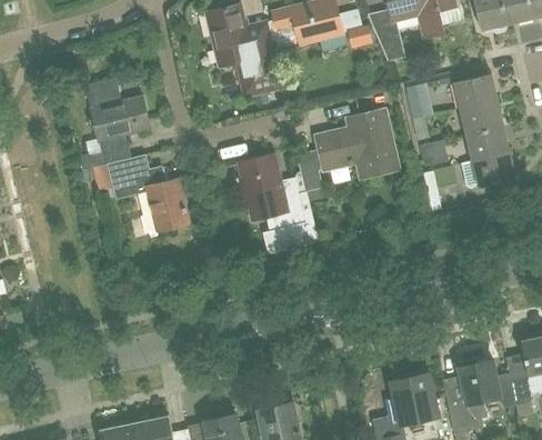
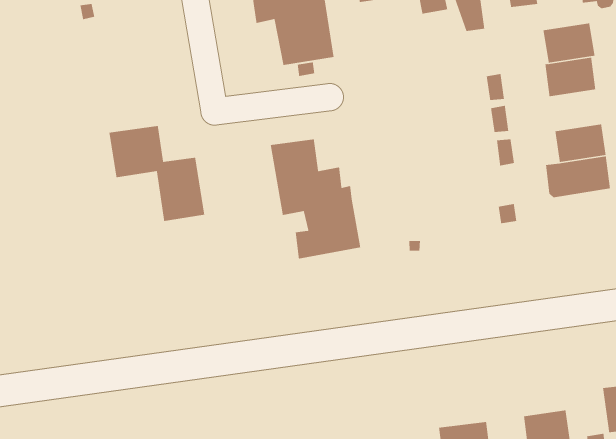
building: [84,77,151,167] -> none
building: [459,98,503,133] -> [542,23,595,63]
building: [295,108,398,201] -> none

